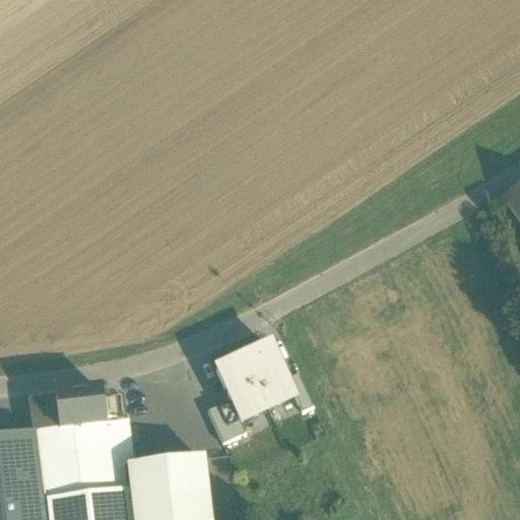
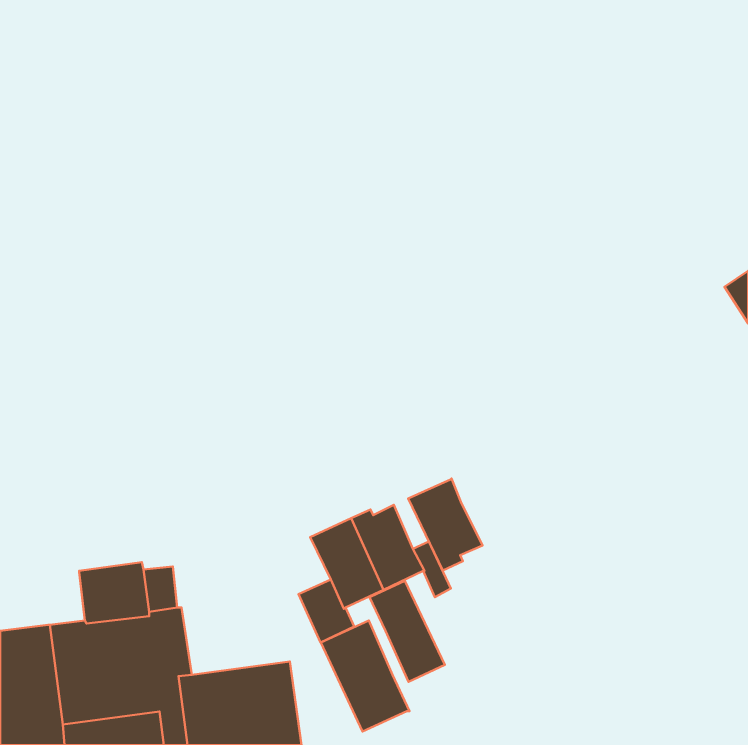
building: none -> [408,478,482,571]
building: [29,397,59,434] -> none
building: none -> [369,581,445,682]
building: none -> [321,621,409,732]

